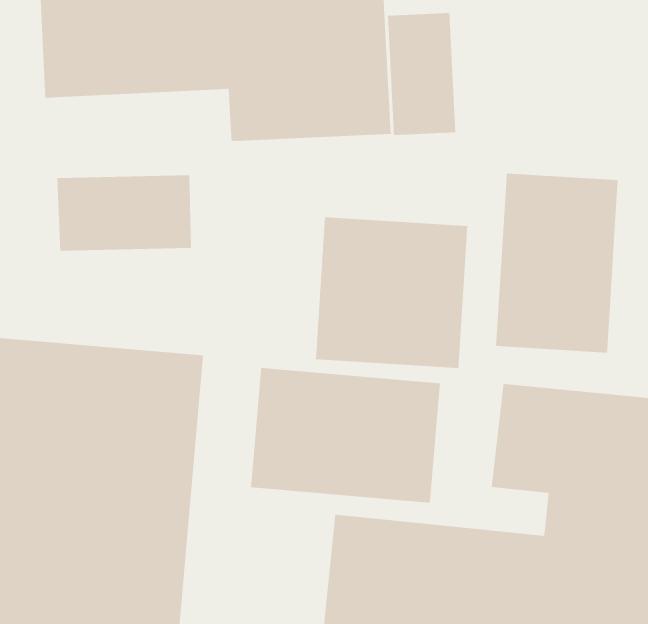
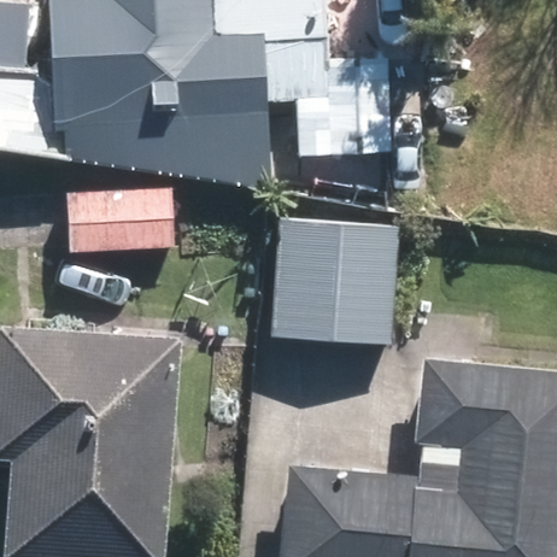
building: [496,173,618,354] -> none
building: [251,367,441,503] -> none

